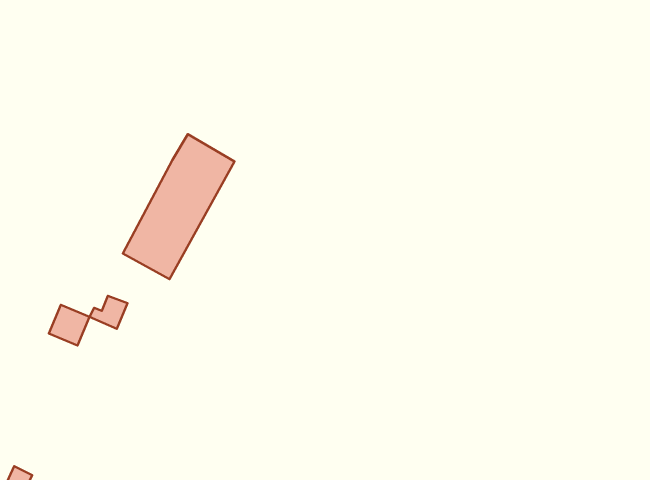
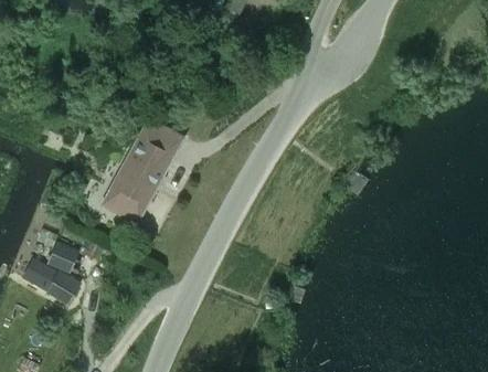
building: none -> [26,259,79,304]

